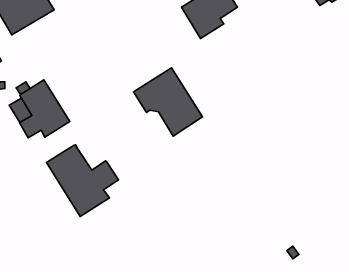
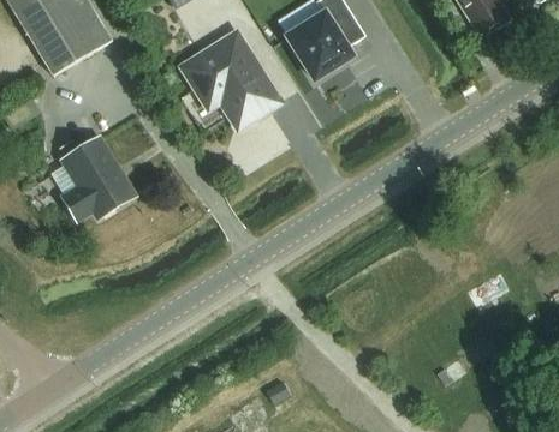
building: [133,68,203,136] -> [189,32,285,127]
building: [46,145,119,216] -> none

